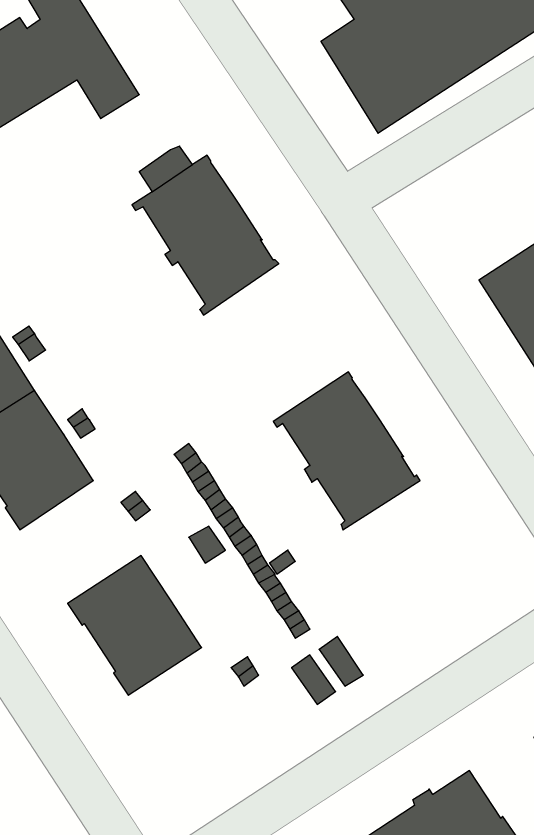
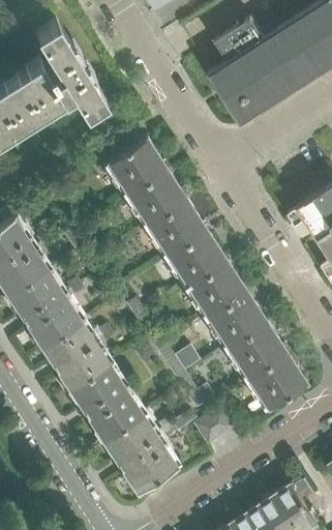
building: none -> [145,200,227,289]
building: none -> [41,322,110,391]
building: none -> [223,322,307,411]
building: none -> [102,416,178,495]

